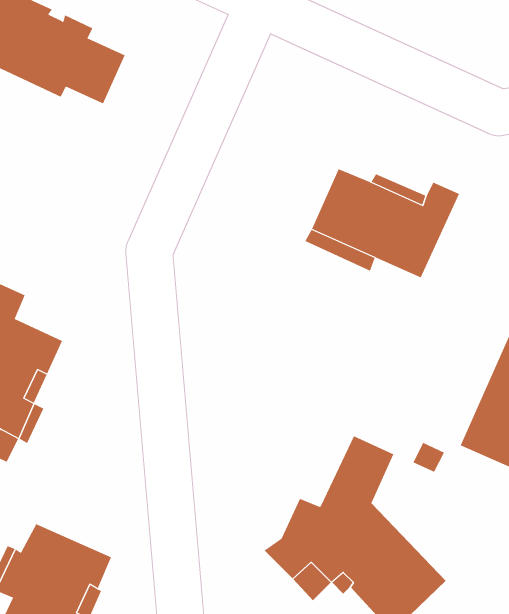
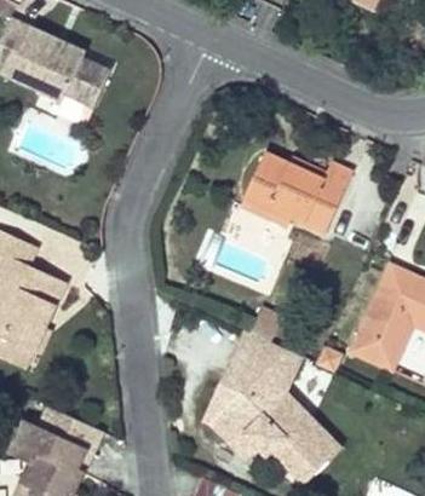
building: none -> [203,330,274,426]

